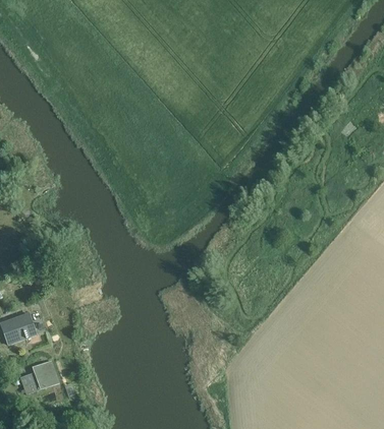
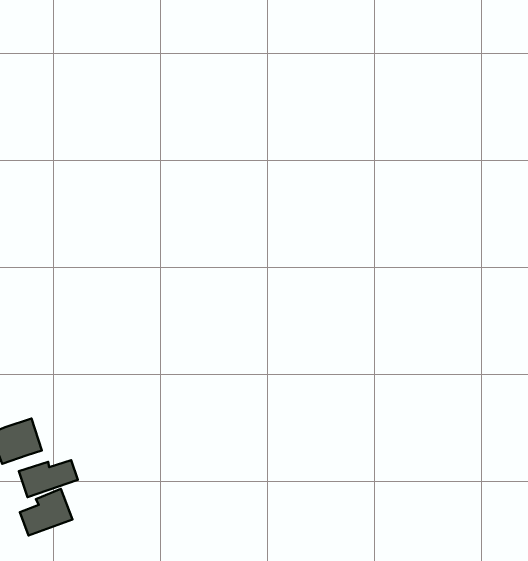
building: none -> [19,460,78,497]

